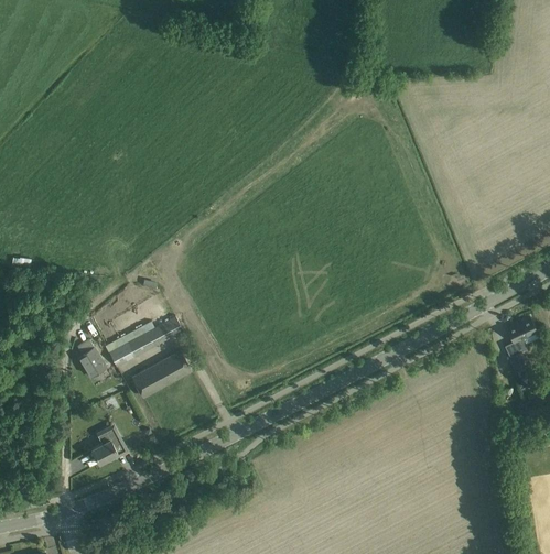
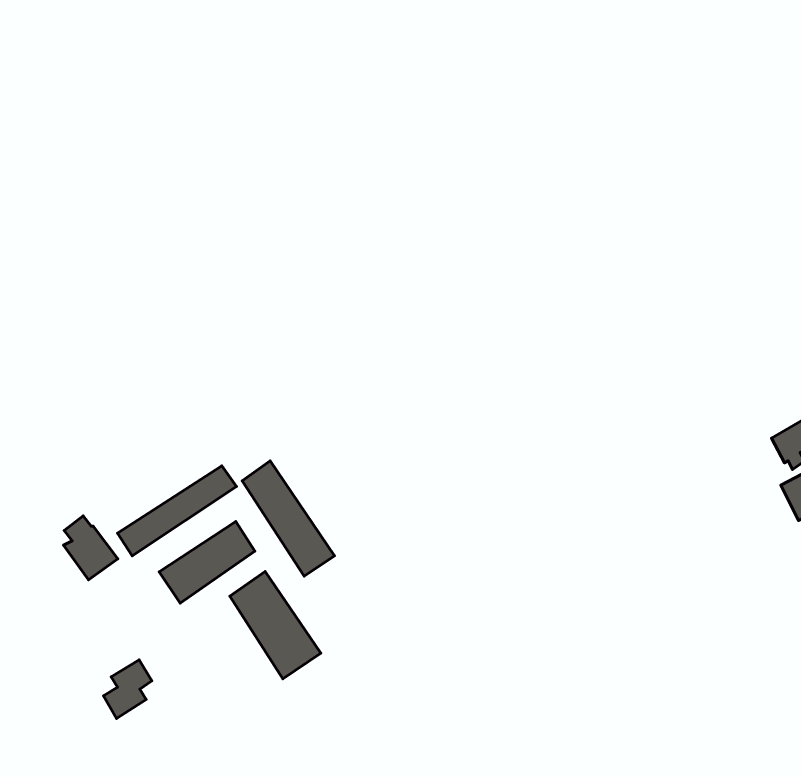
building: none -> [242,461,334,576]
building: none -> [230,572,321,679]

